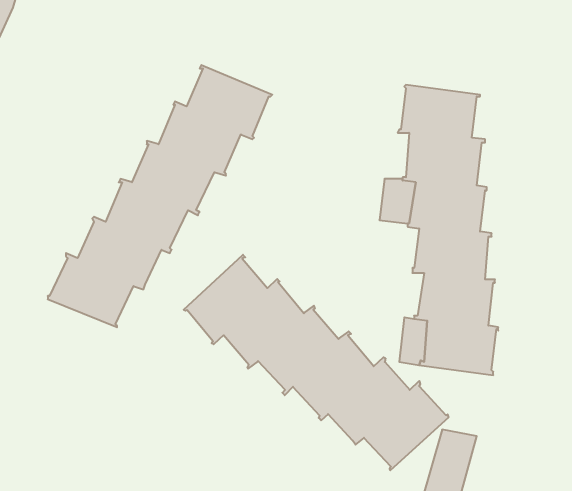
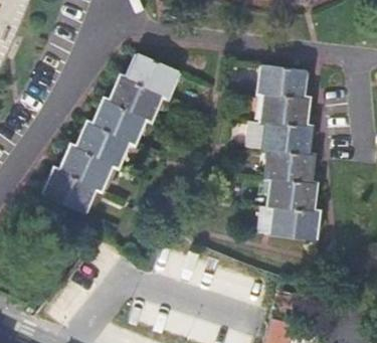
building: [184,255,448,470] -> none

